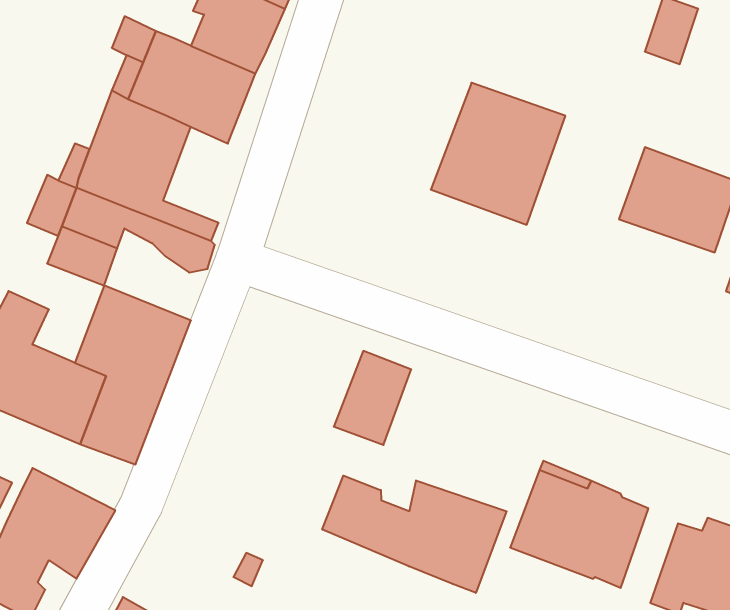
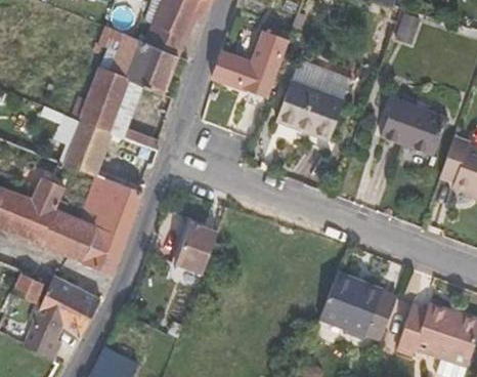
building: none -> [212,33,289,97]
building: [334,351,411,445] -> [174,222,217,275]
building: [322,476,507,593] -> none

